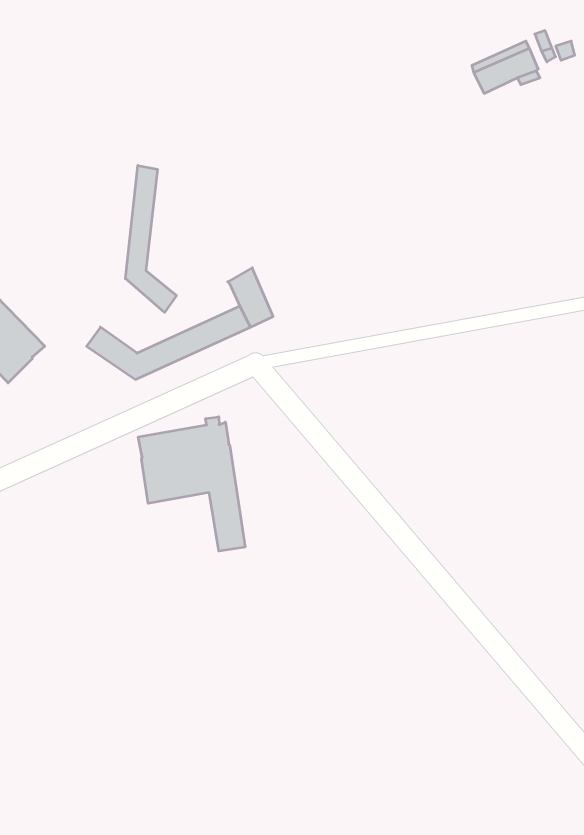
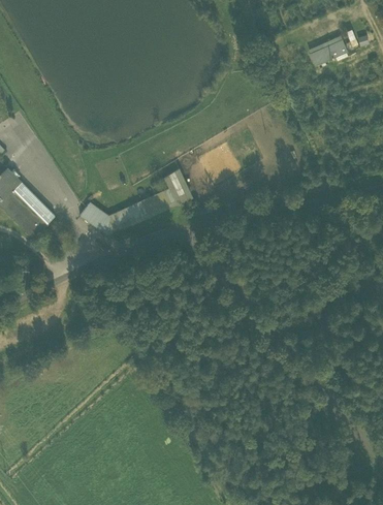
building: [125,165,176,312] -> none
building: [138,417,245,551] -> none

